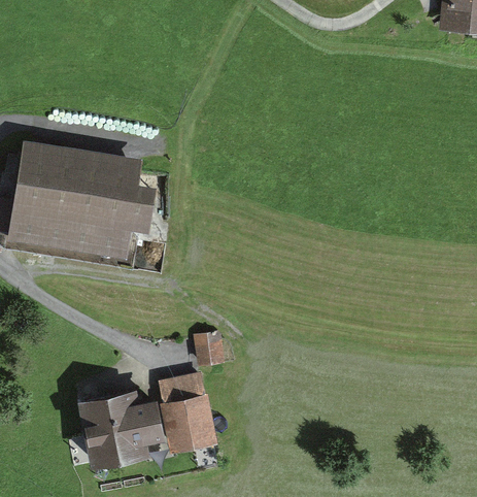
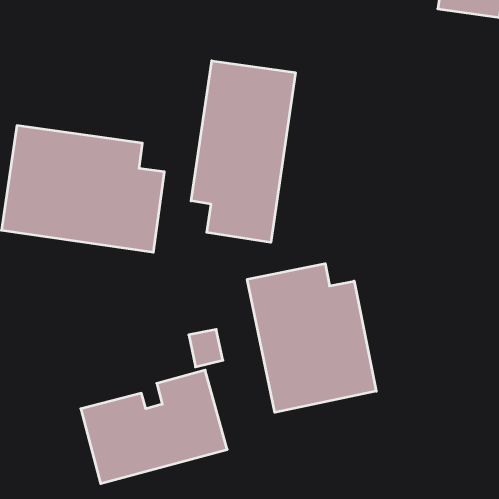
building: none -> [191,61,295,242]
building: none -> [247,264,376,412]

